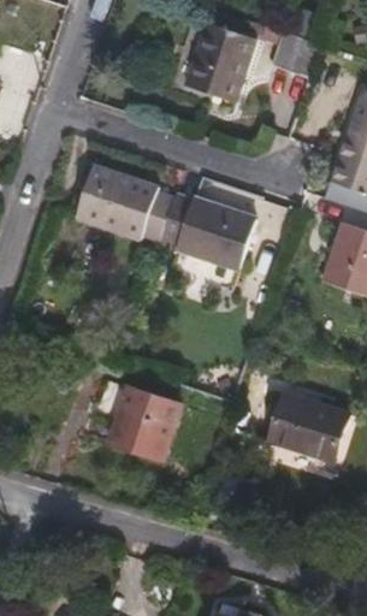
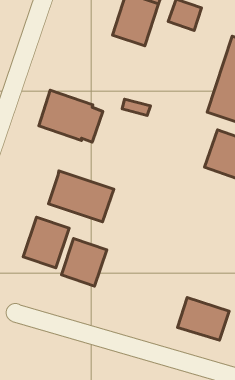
building: [155,191,253,267] -> [48,171,114,222]
building: none -> [23,217,69,268]
building: [267,395,344,458] -> [177,297,229,340]

